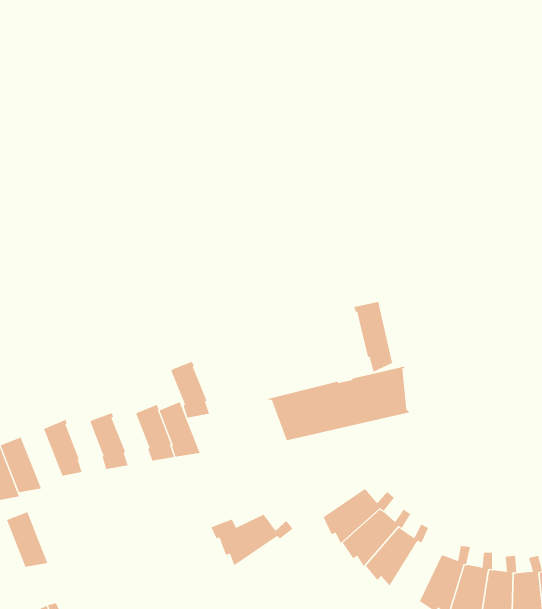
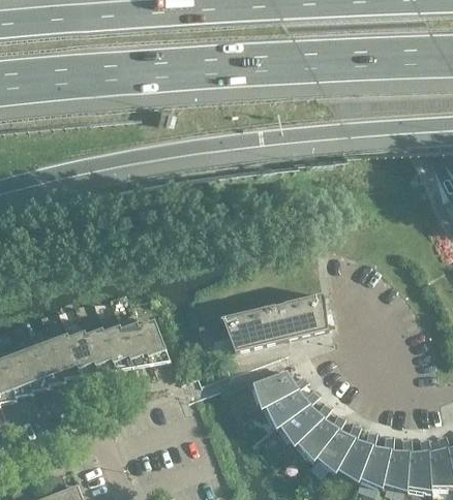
building: [354,301,394,373] -> none
building: [170,361,210,418] -> [101,324,131,368]
building: none -> [66,331,96,373]
building: [6,512,48,571] -> [32,340,64,385]
building: [211,513,293,566] -> [243,368,306,408]
building: none -> [313,421,358,472]

